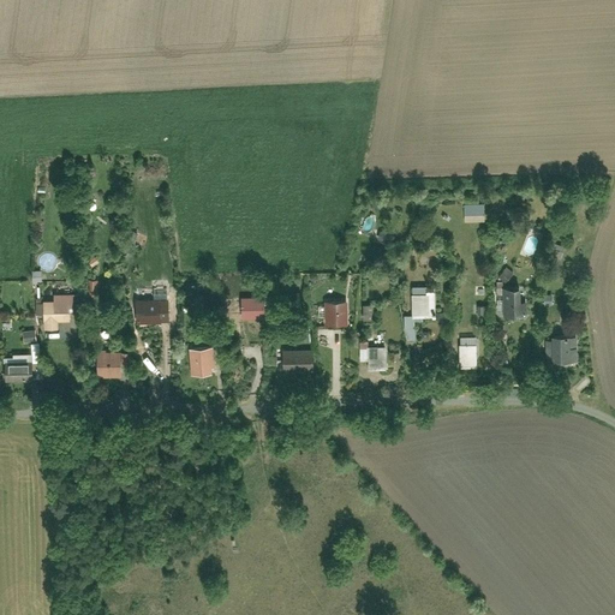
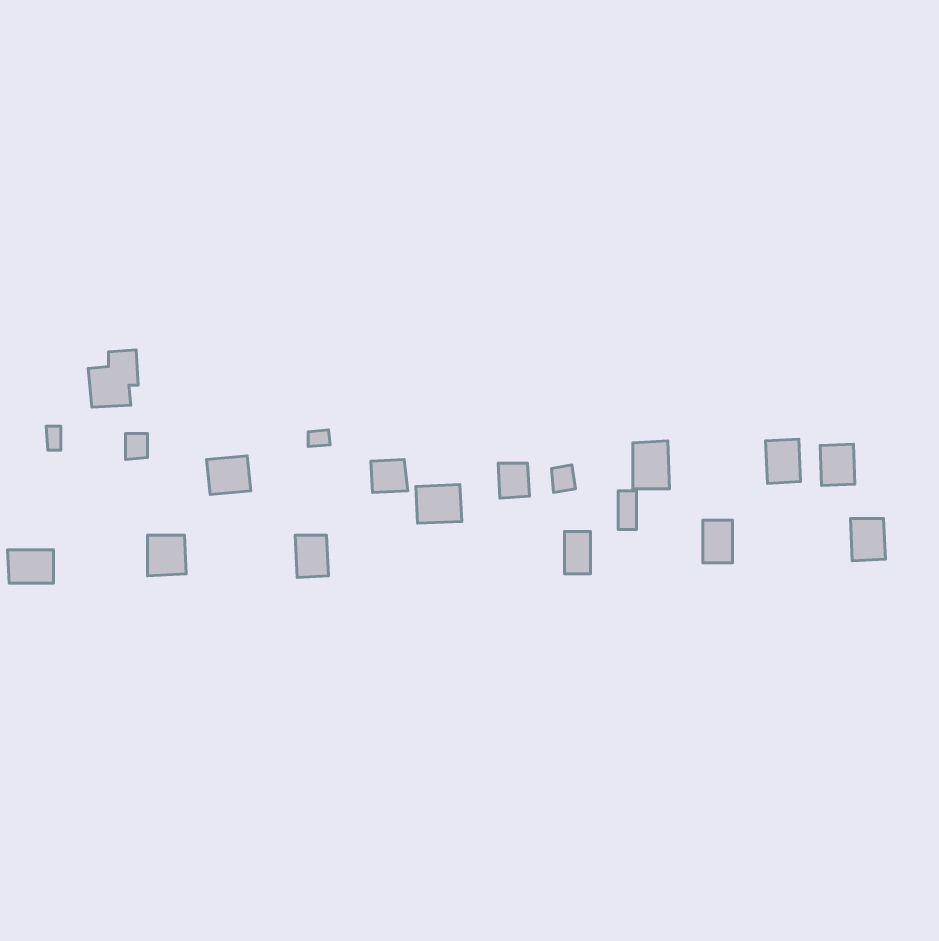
building: none -> [820,444,855,485]
building: [41,293,73,330] -> [88,350,138,407]
building: [282,351,312,376] -> [416,485,462,523]

